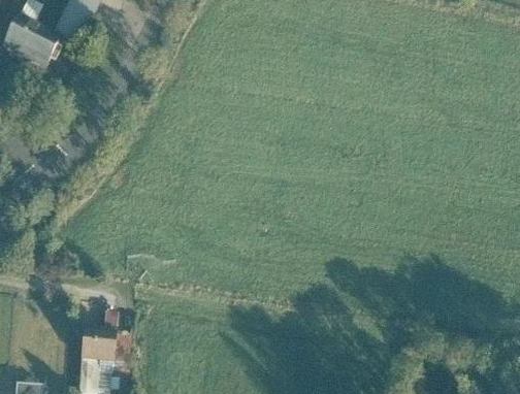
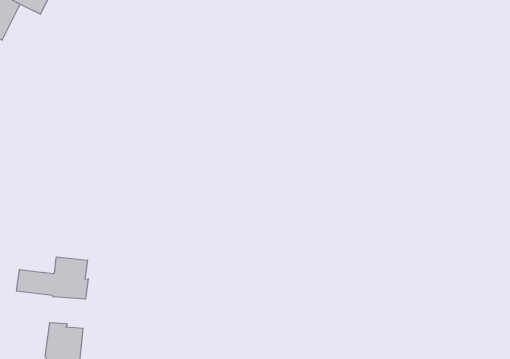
building: none -> [16,257,88,299]

